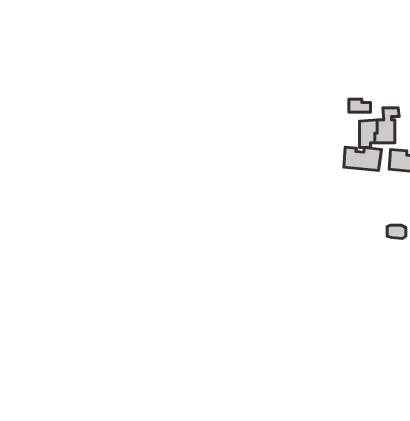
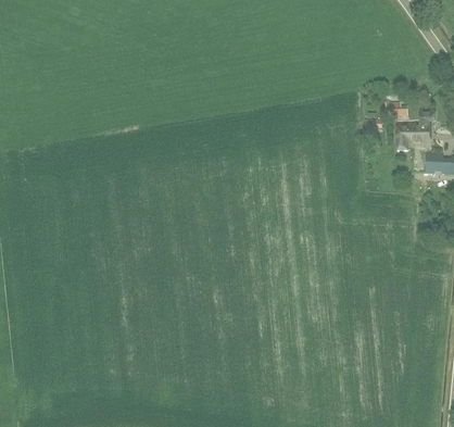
building: [344,147,381,171] -> none

